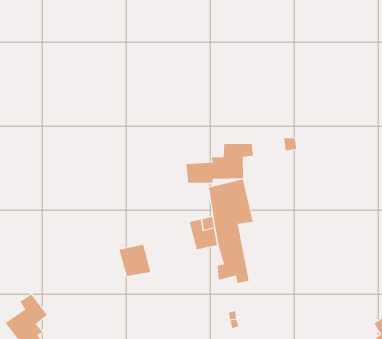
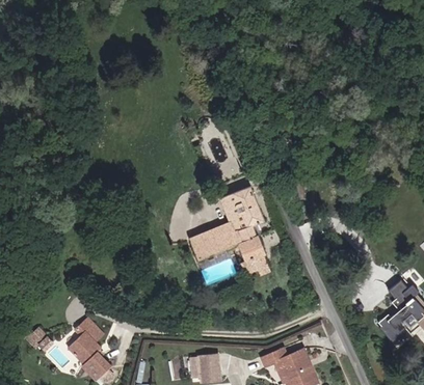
building: [186,143,253,184] -> none
building: [119,244,151,276] -> [189,230,220,260]

